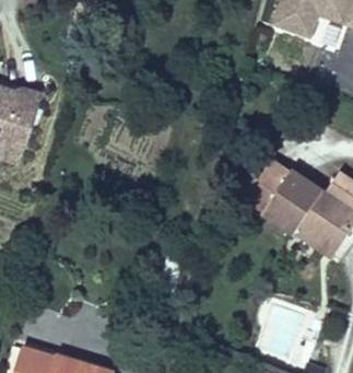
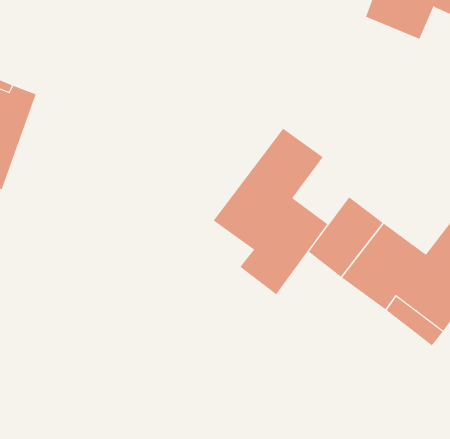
building: none -> [213,128,328,295]

